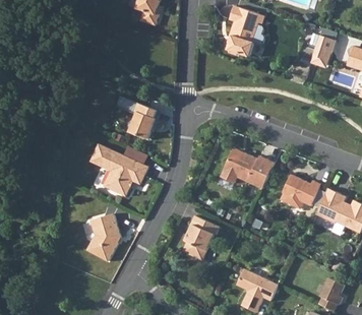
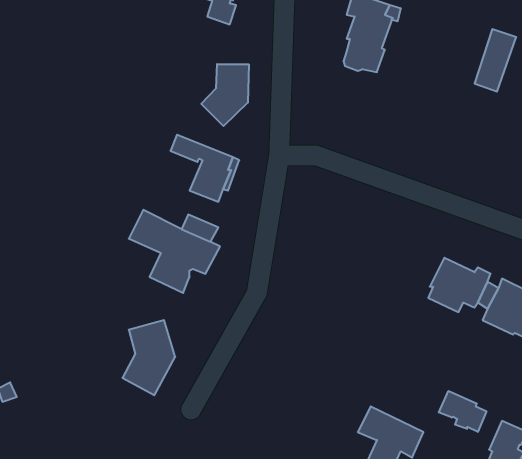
building: none -> [201,64,249,126]
building: [220,149,274,188] -> none
building: [182,214,218,259] -> none
building: none -> [439,391,486,432]

